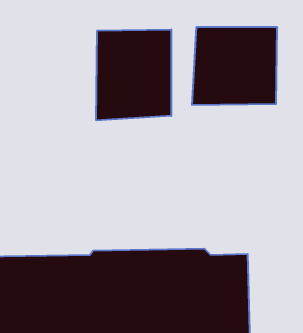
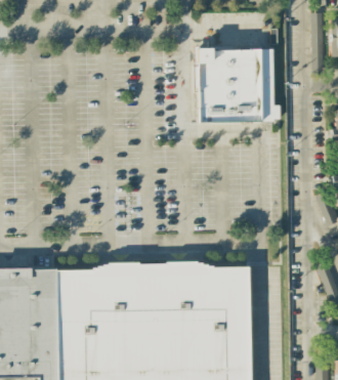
building: [96,29,171,120] -> none

